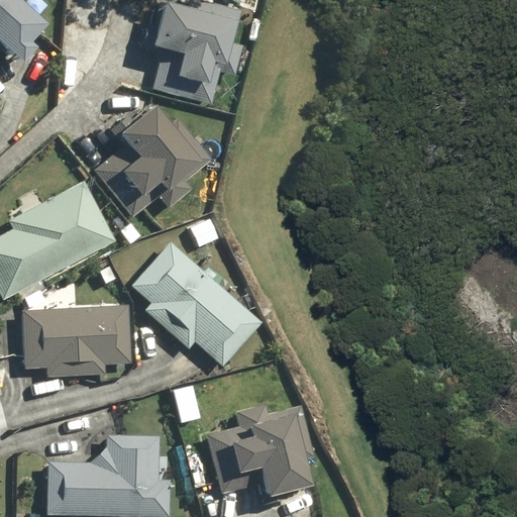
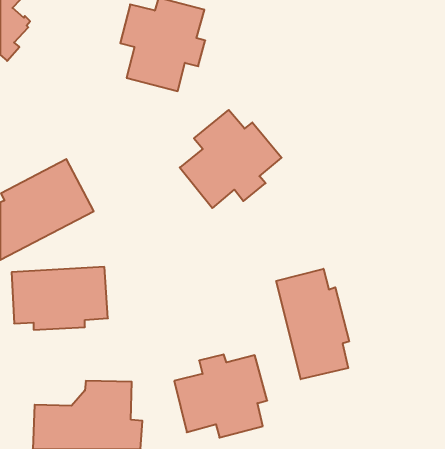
building: [95,105,211,217] -> [180,110,282,208]
building: [131,243,261,367] -> none
building: none -> [276,269,349,379]

